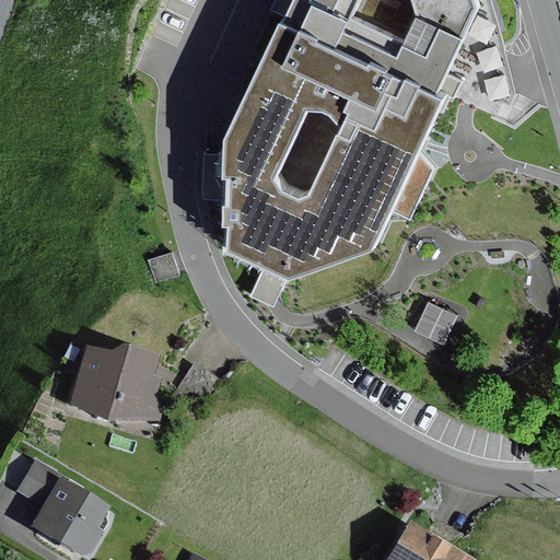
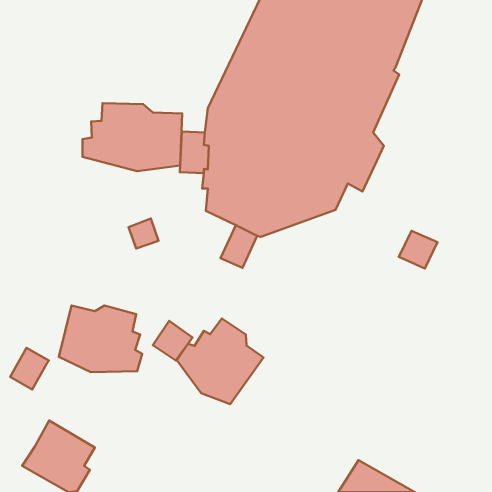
building: none -> [82,103,182,171]
building: [413,299,457,341] -> [399,231,438,268]
building: none -> [177,319,263,404]
building: [14,458,58,505] -> [10,348,49,390]

